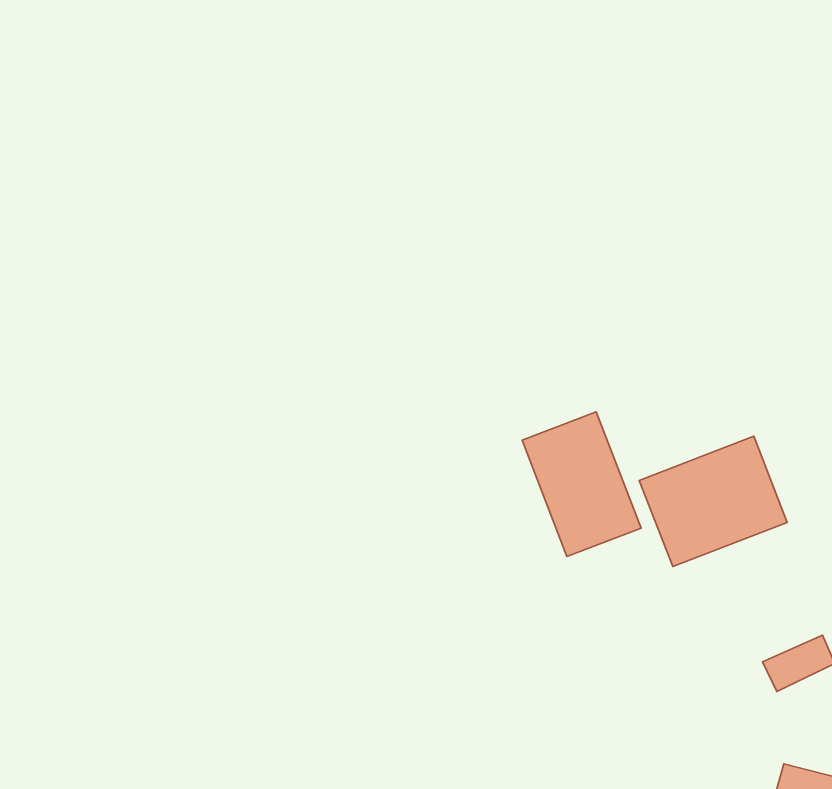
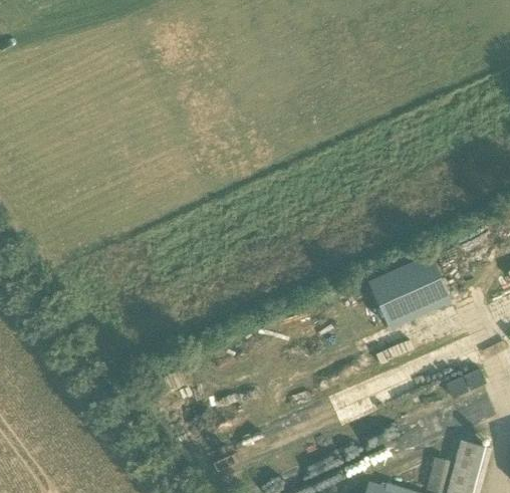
building: [522,412,641,557] -> none

